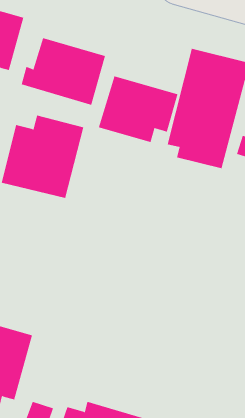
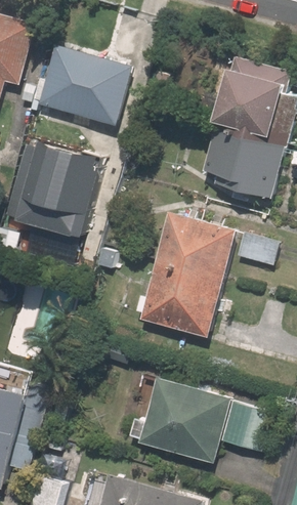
building: [98,76,178,143] -> none
building: none -> [137,208,239,338]
building: none -> [123,379,268,464]

